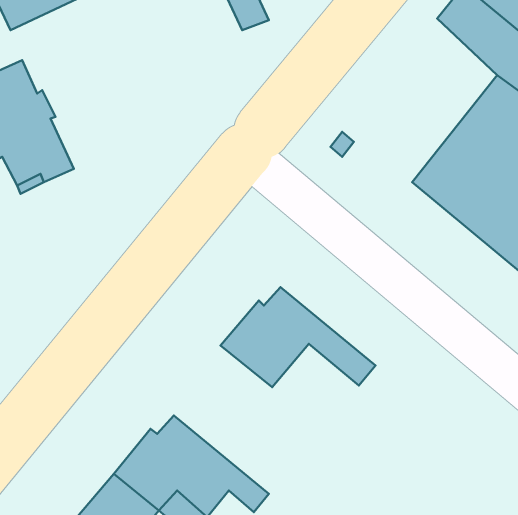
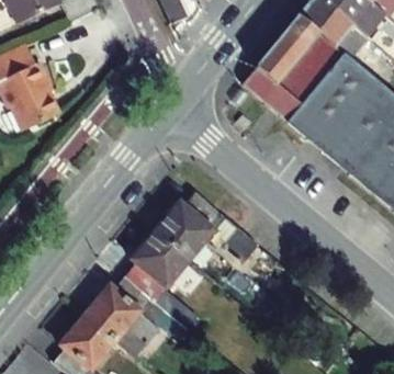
building: none -> [235,13,339,122]
building: none -> [126,229,200,327]

